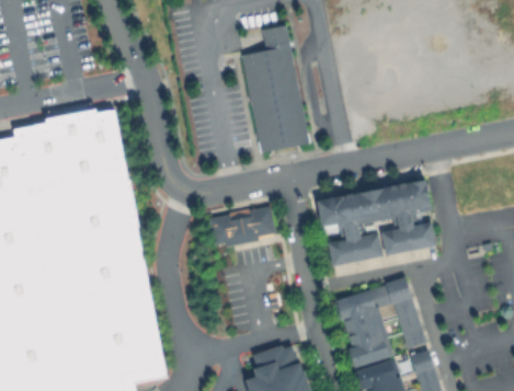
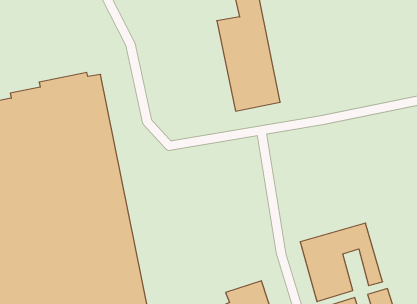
building: [318,176,437,271] -> none
building: [210,206,277,248] -> none

